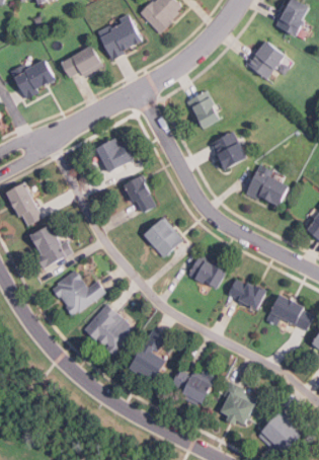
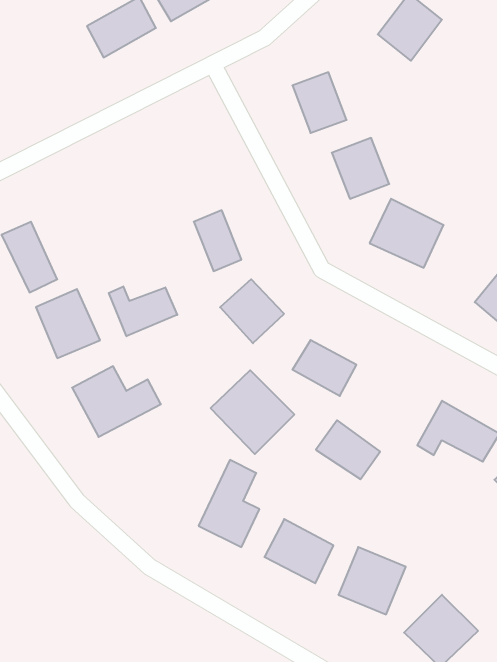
building: [12,58,58,98] -> none
building: [96,137,135,172] -> none
building: none -> [109,286,177,336]
building: [227,275,266,311] -> [316,420,380,479]
building: [83,304,135,356] -> [211,370,294,454]

